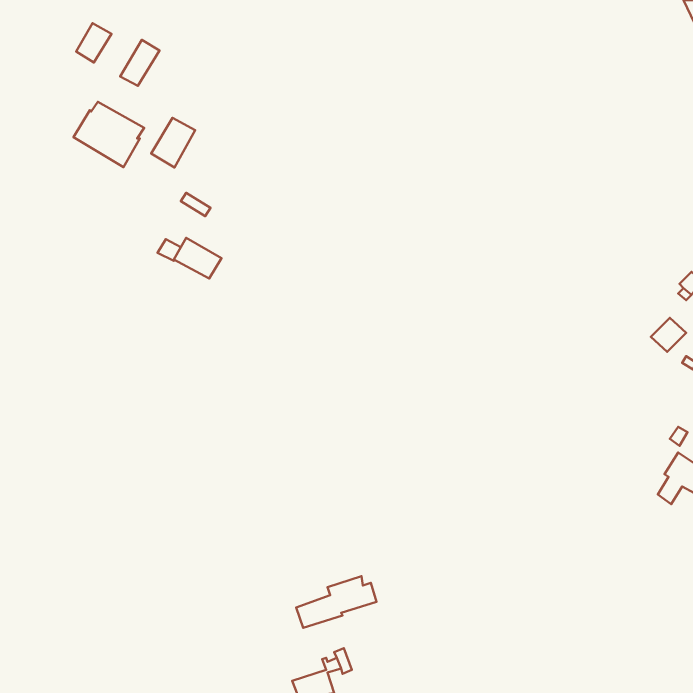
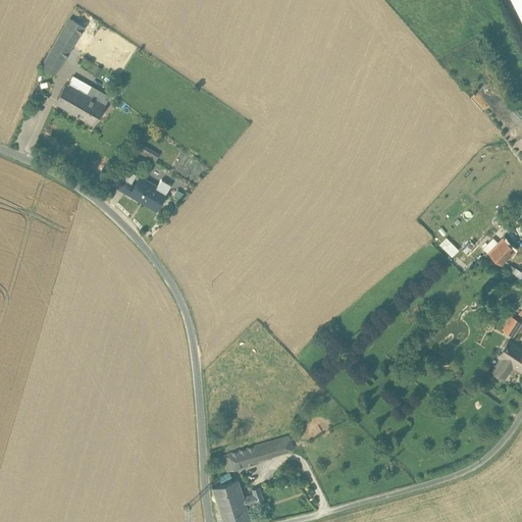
building: [120,40,159,86] -> [42,40,71,74]
building: [151,118,195,167] -> none
building: none -> [213,481,246,512]

